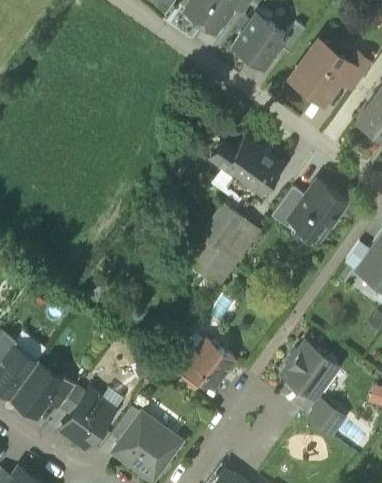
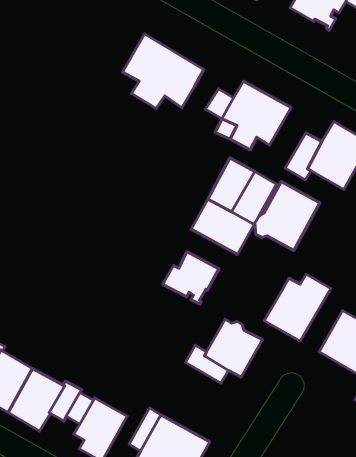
building: none -> [122,34,204,109]
building: none -> [255,182,320,251]
building: none -> [163,252,219,304]
building: none -> [264,274,331,341]

